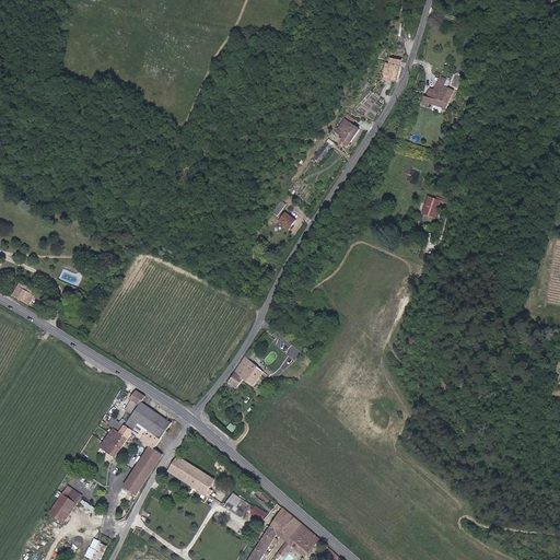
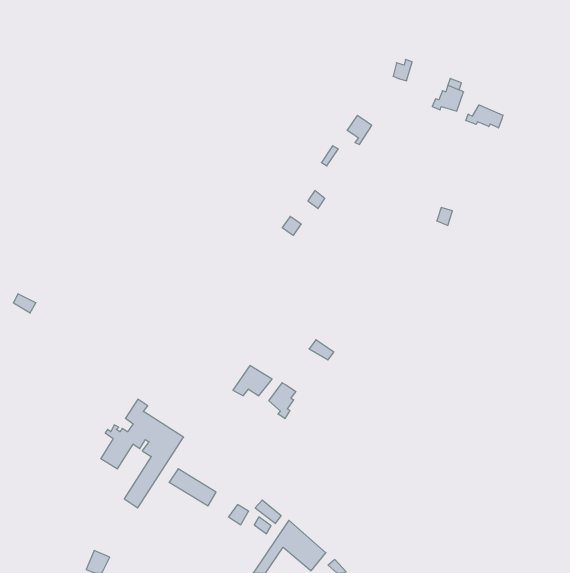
building: none -> [466,105,503,128]
building: none -> [269,383,296,419]
building: [49,487,80,521] -> none

